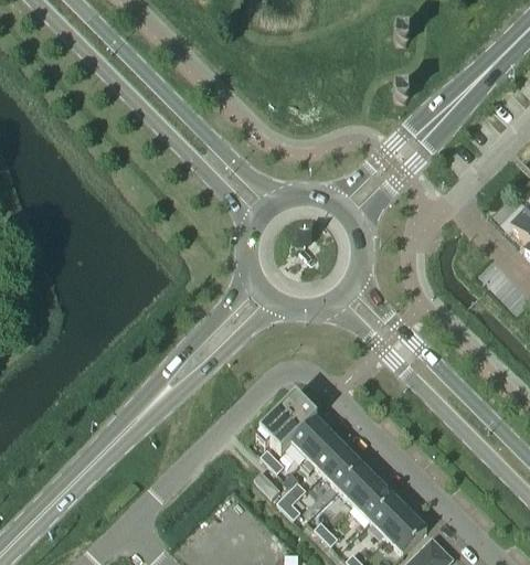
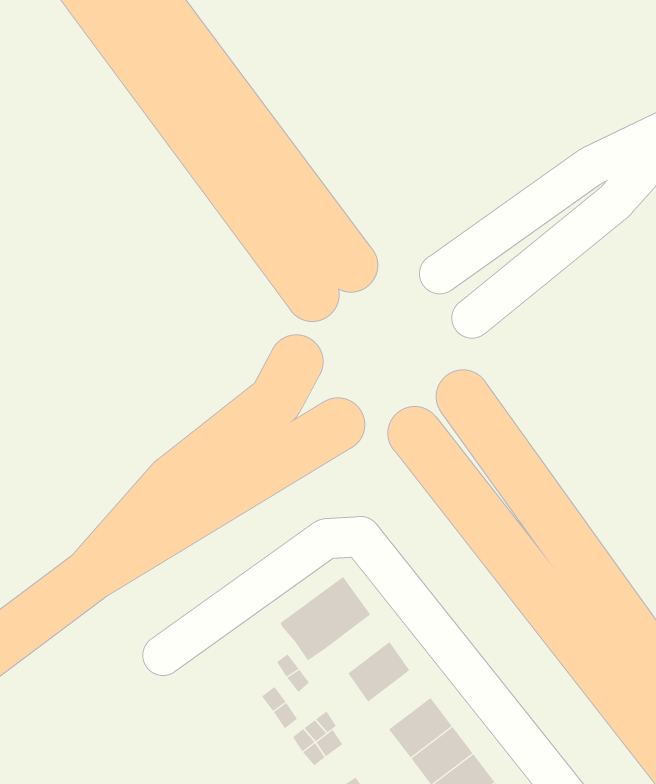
building: [292,417,331,456] -> none
building: [322,448,362,488] -> none

